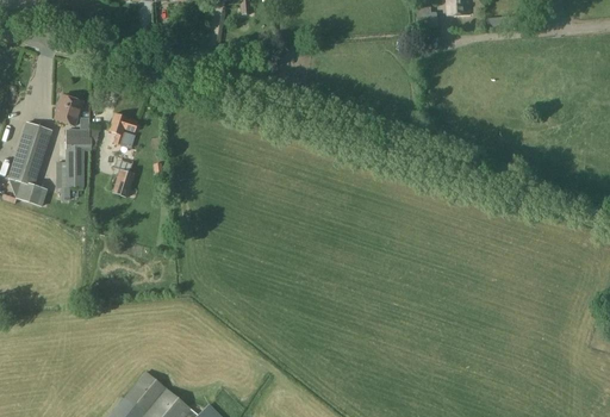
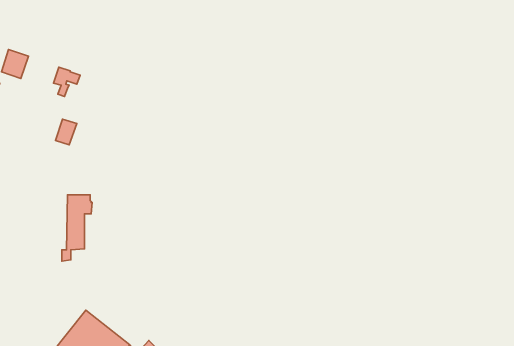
building: [60,130,92,200] -> [62,195,92,261]

